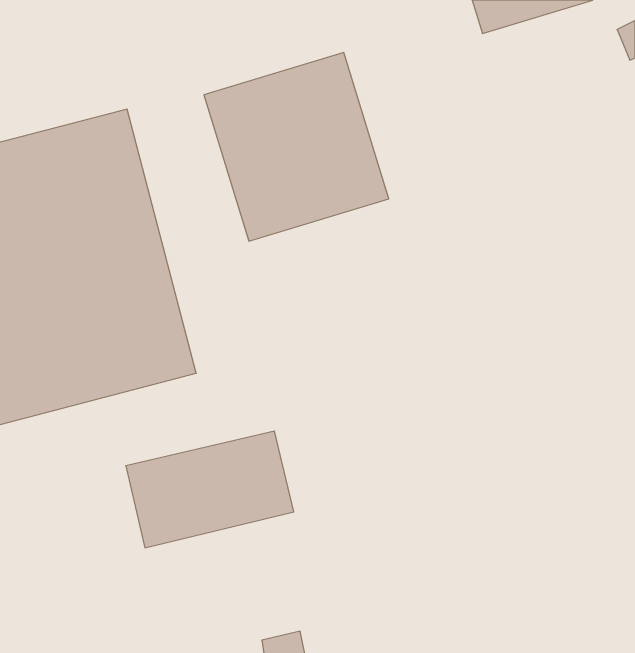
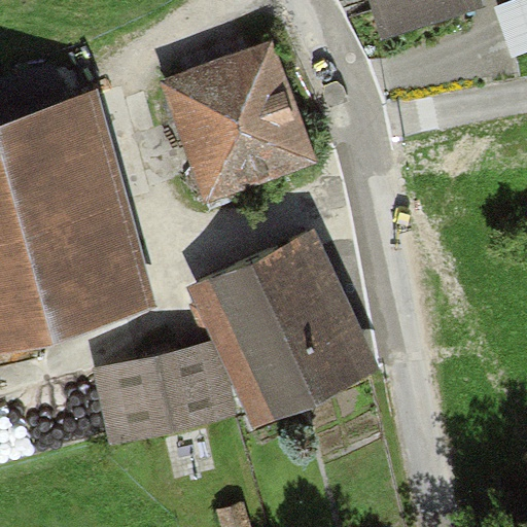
building: none -> [199,234,382,430]

